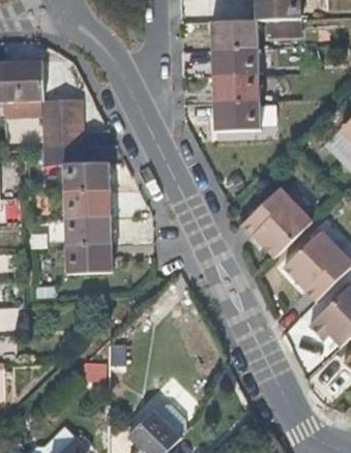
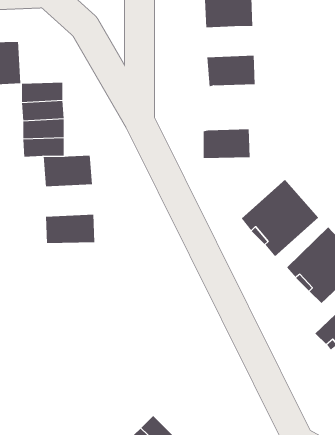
building: [210,48,255,75] -> none
building: [213,100,257,127] -> [203,129,251,158]
building: [63,191,109,220] -> none
building: [65,244,111,271] -> none

